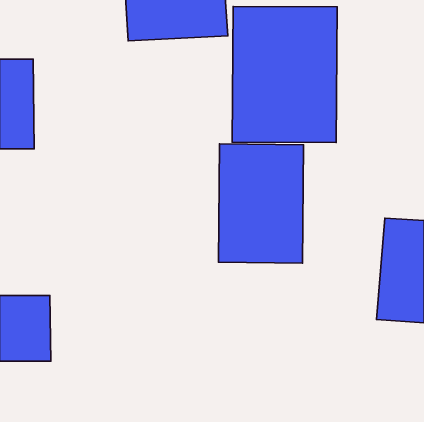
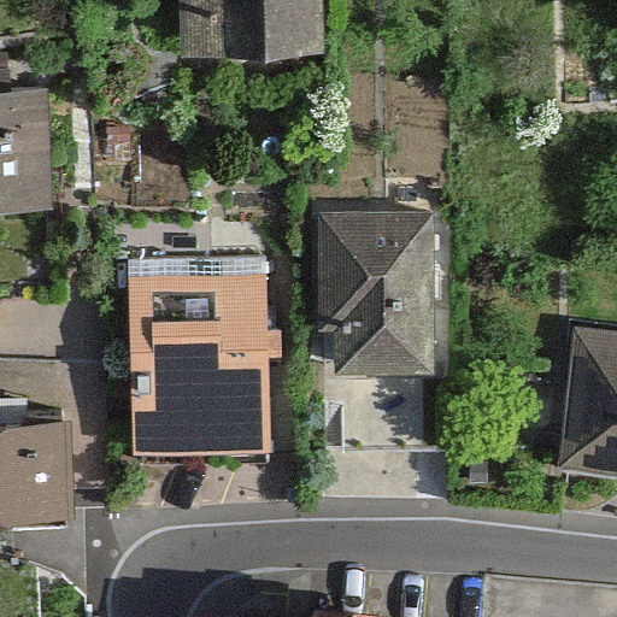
building: [232,6,337,142] -> none
building: none -> [140,276,272,447]

